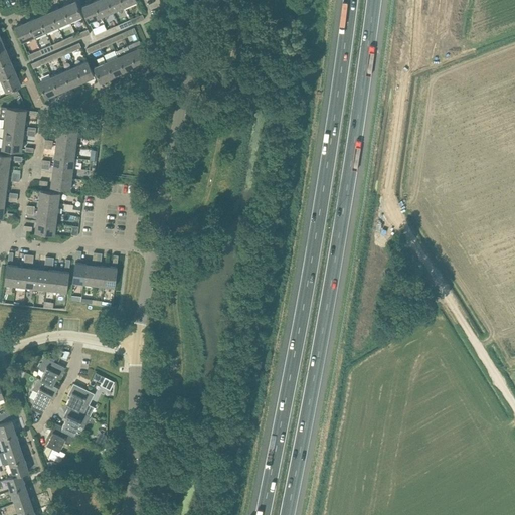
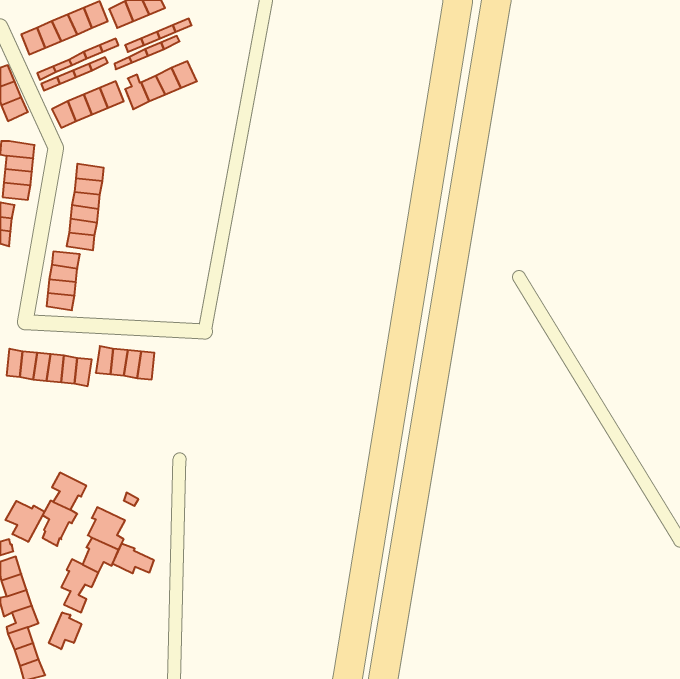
building: none -> [5,501,45,542]
building: none -> [113,543,154,573]
building: none -> [49,612,81,649]

